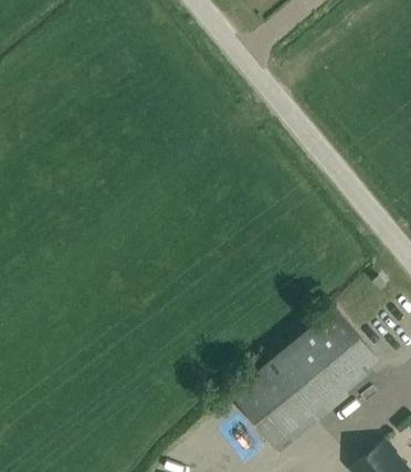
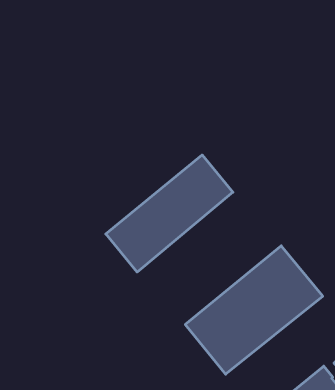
building: none -> [106,155,233,272]

